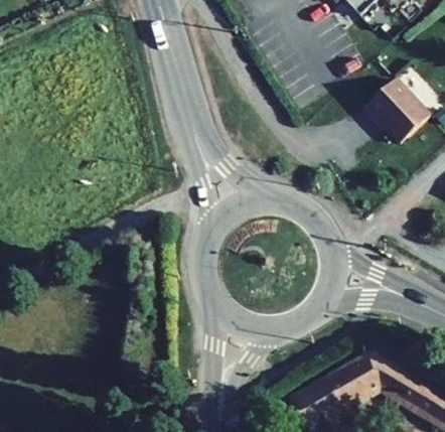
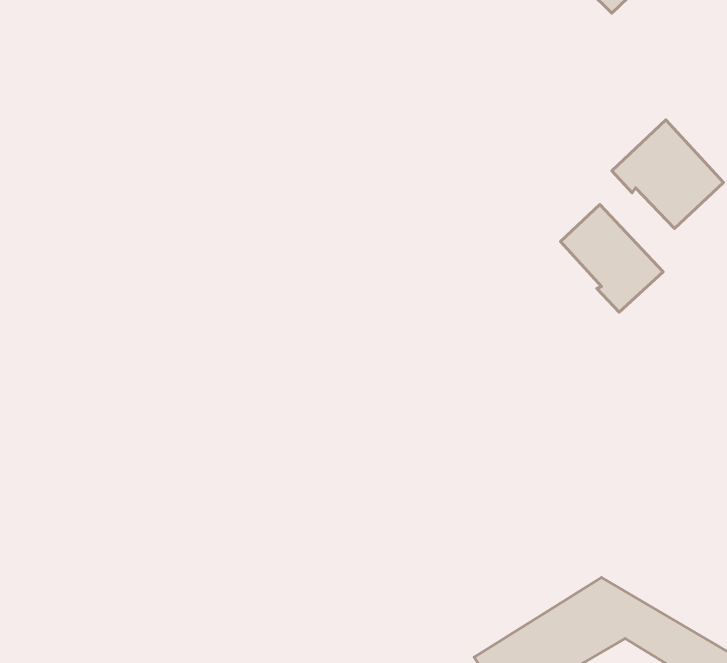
building: none -> [560,205,663,312]

